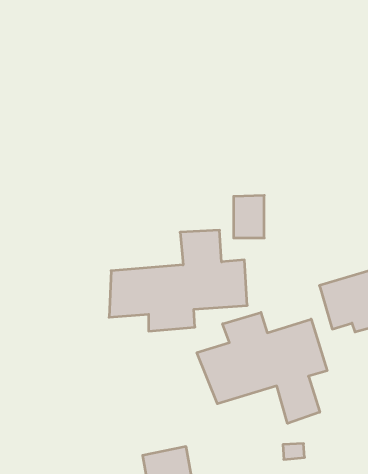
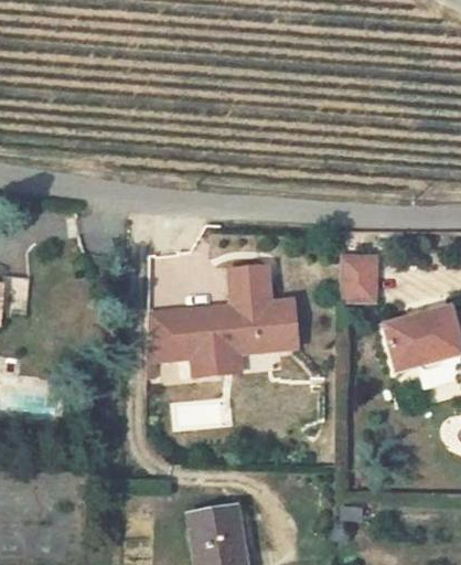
building: [234,195,264,238] -> [342,252,376,299]
building: [197,312,327,423] -> none

